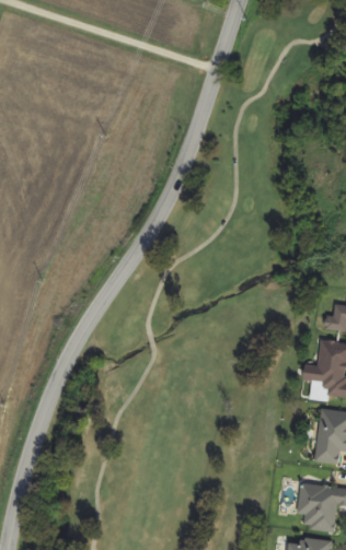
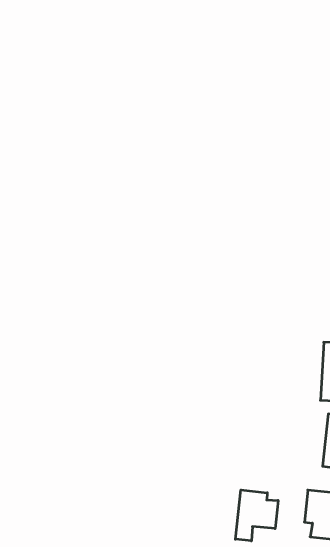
building: none -> [235,490,278,541]

